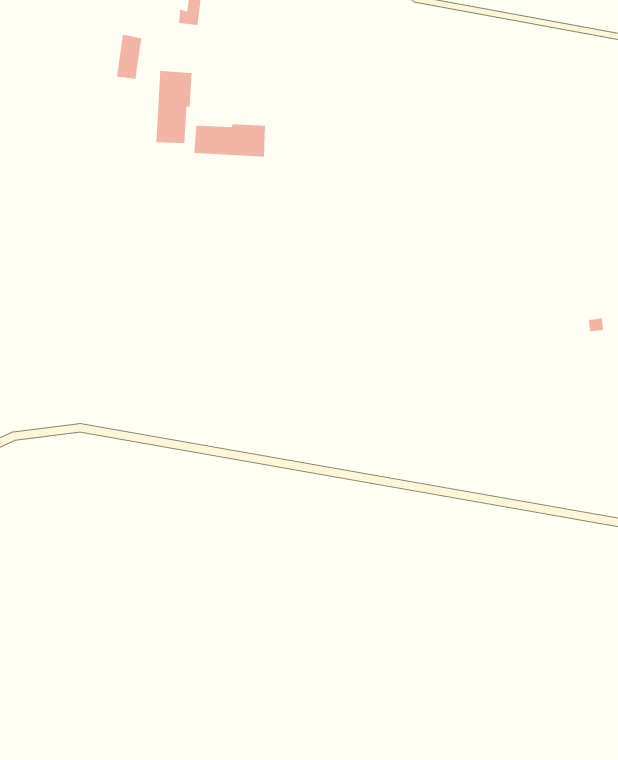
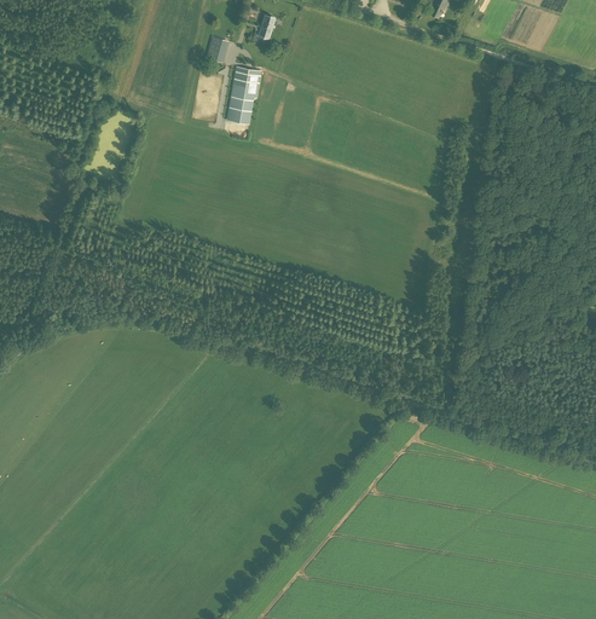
building: [194,124,266,157] -> none

